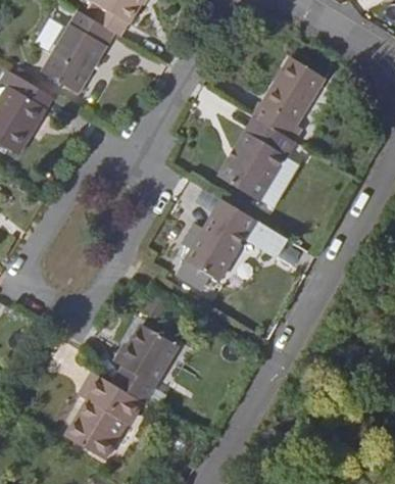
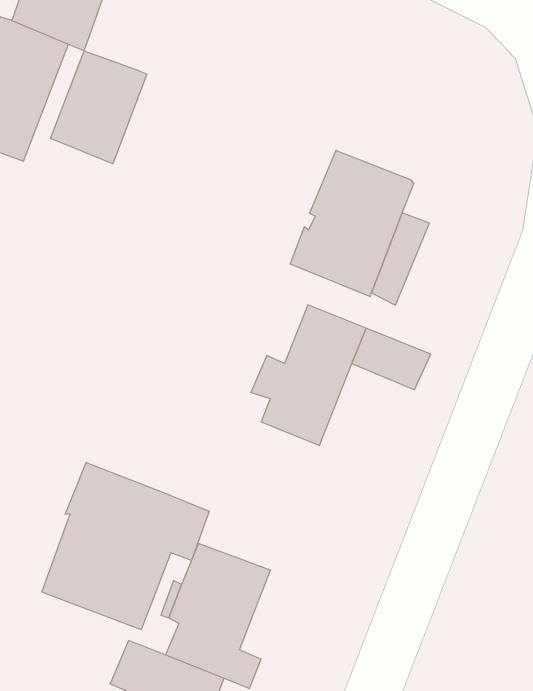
building: none -> [50,51,147,164]
building: [250,56,325,140] -> none
building: none -> [42,462,209,630]

